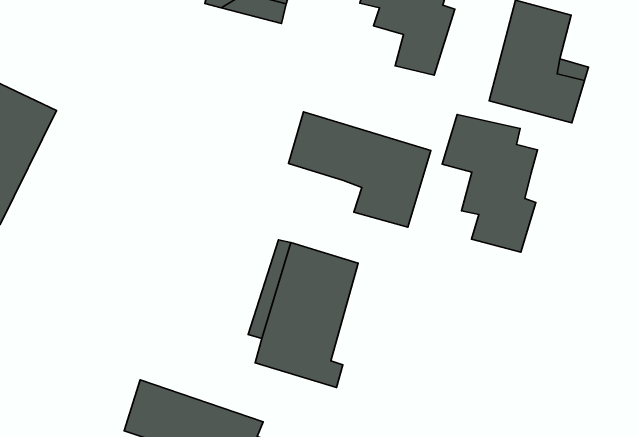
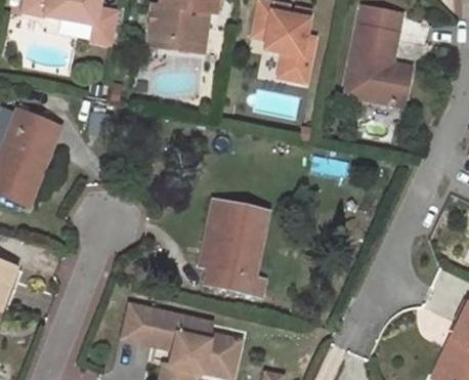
building: [288,112,431,227] -> none
building: [442,114,538,252] -> none

